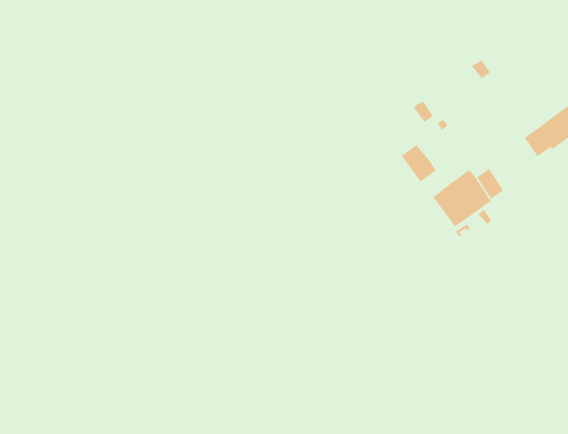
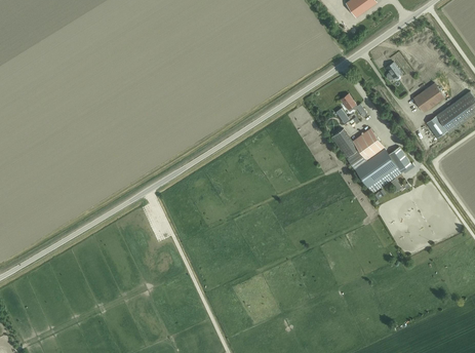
building: none -> [412,82,444,112]
building: none -> [353,127,384,159]

